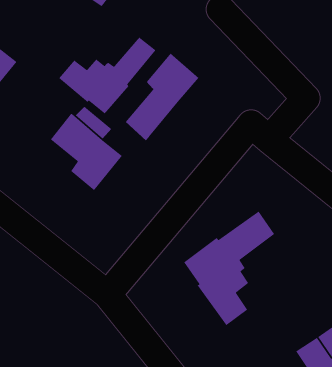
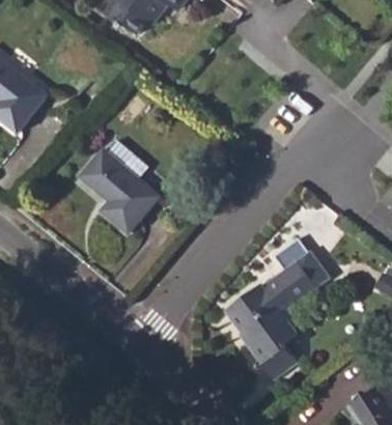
building: [58,37,156,114] -> none
building: [125,52,199,141] -> none

